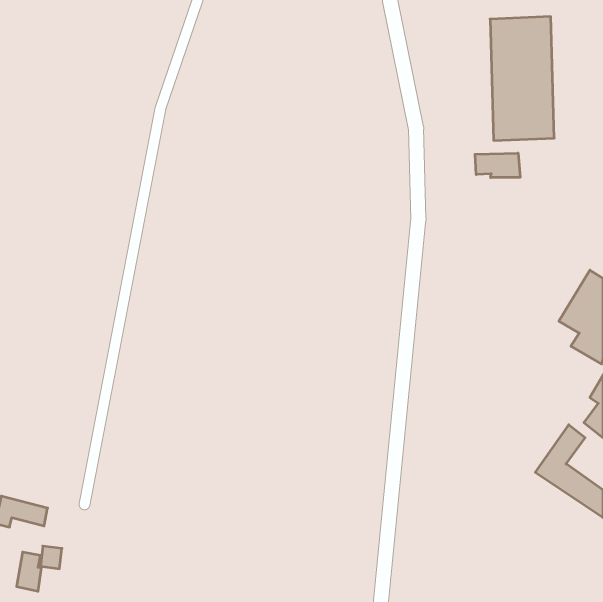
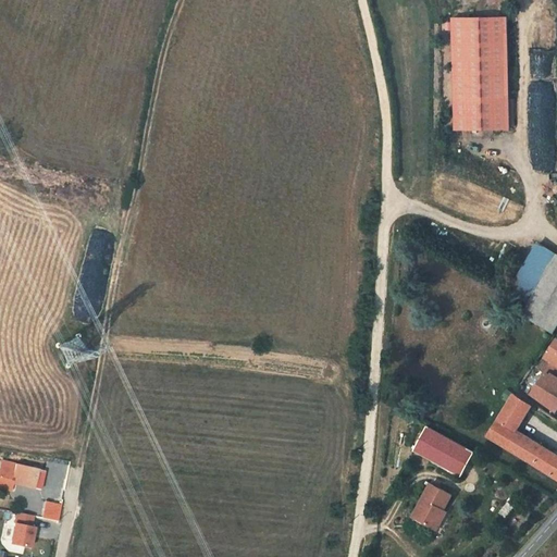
building: [475,153,520,178] -> none
building: none -> [416,426,474,473]
building: none -> [406,475,450,525]

